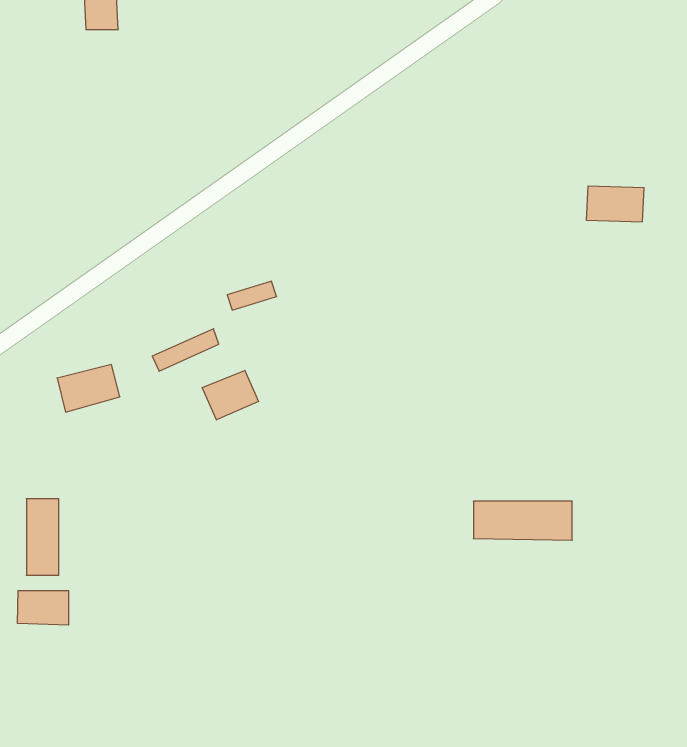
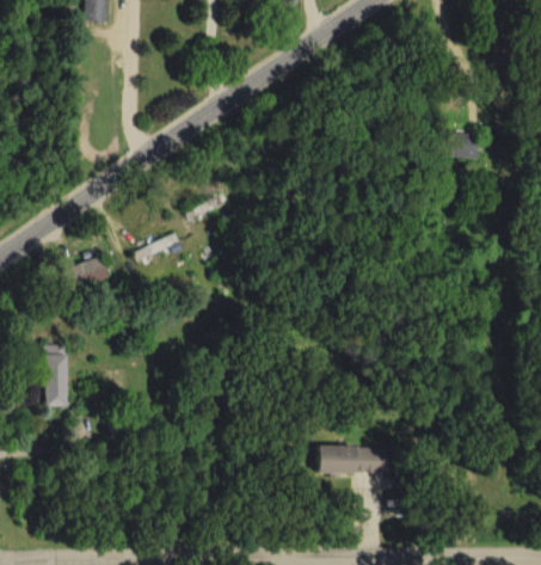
building: [202,370,258,420] -> none
building: [473,501,572,540] -> [318,447,387,474]
building: [18,591,69,625] -> none

